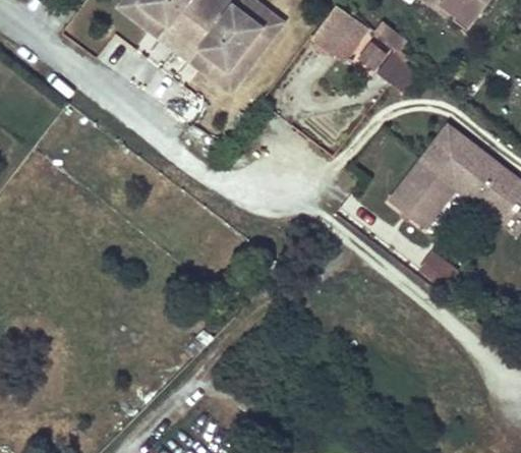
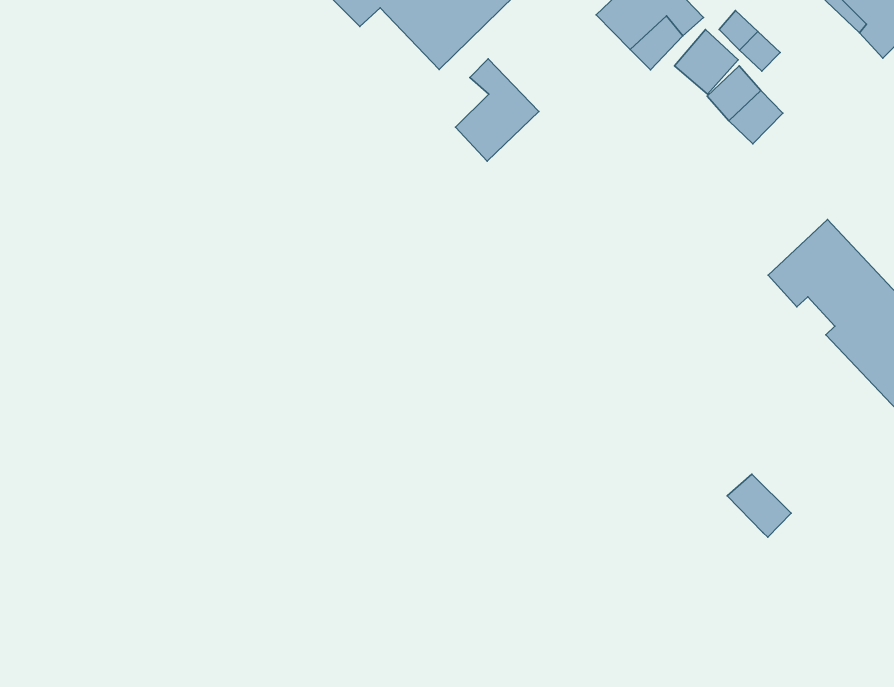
building: none -> [455,59,539,161]
building: [390,156,461,224] -> none

